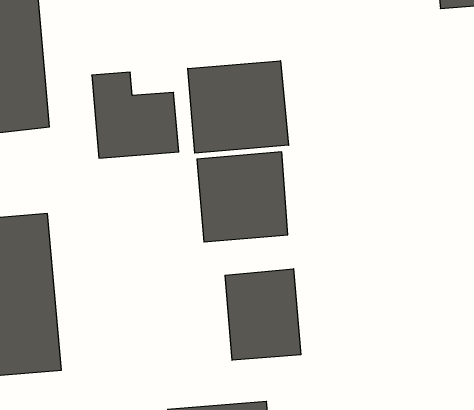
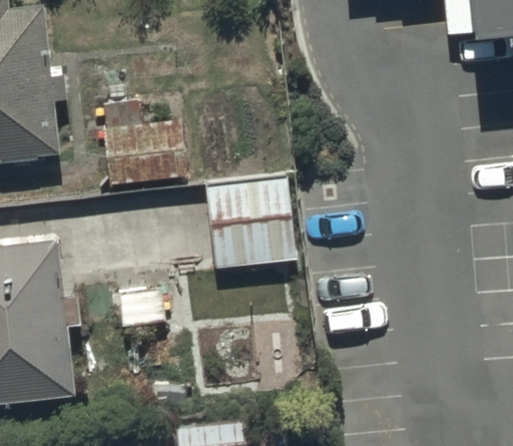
building: [188,61,289,153] -> none
building: [225,269,301,360] -> none

